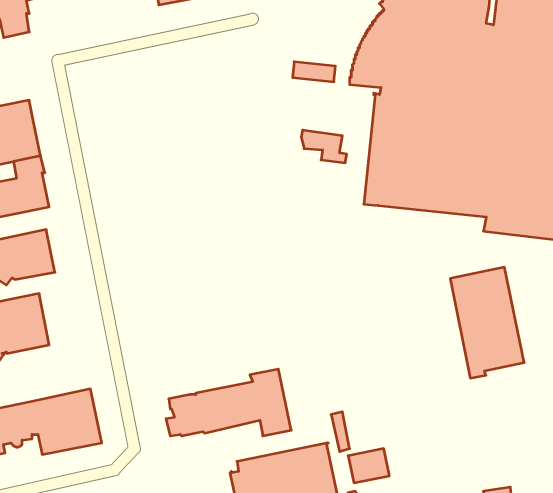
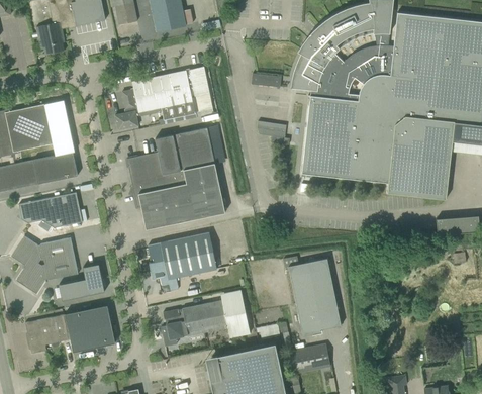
building: none -> [115,67,213,129]
building: none -> [126,127,224,229]
building: [450,267,524,378] -> [288,258,341,336]
building: none -> [148,232,216,285]
building: none -> [59,265,104,301]

